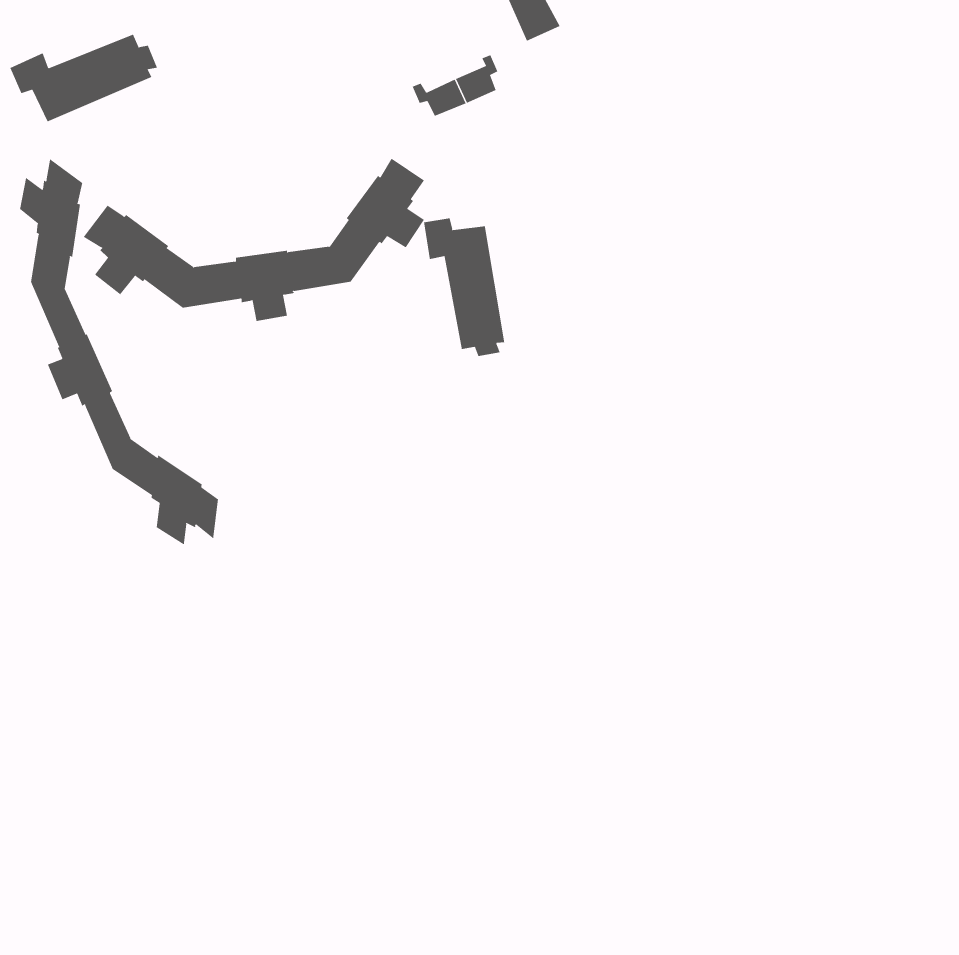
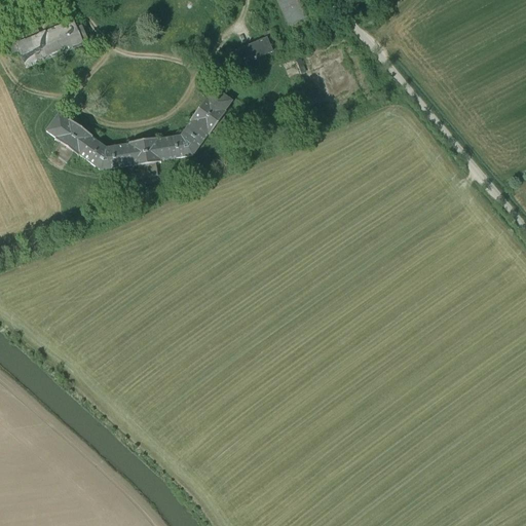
building: [20,158,219,545] -> none
building: [424,218,505,357] -> none

